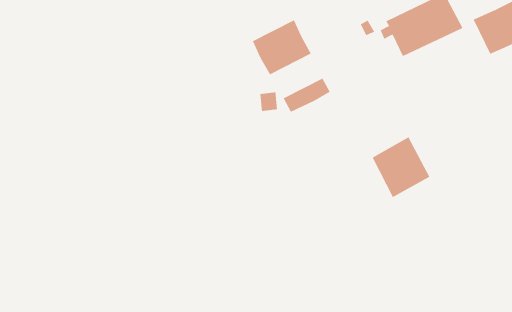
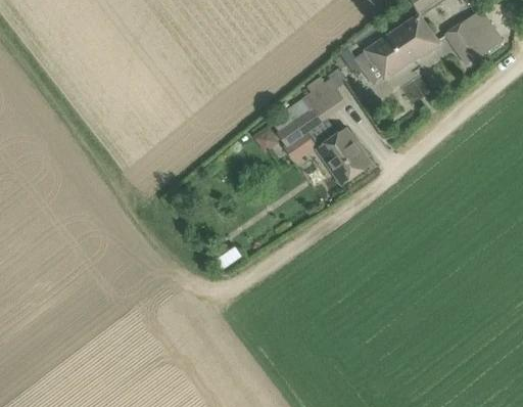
building: [252,19,312,75] -> none
building: [372,137,430,198] -> [315,127,372,186]

